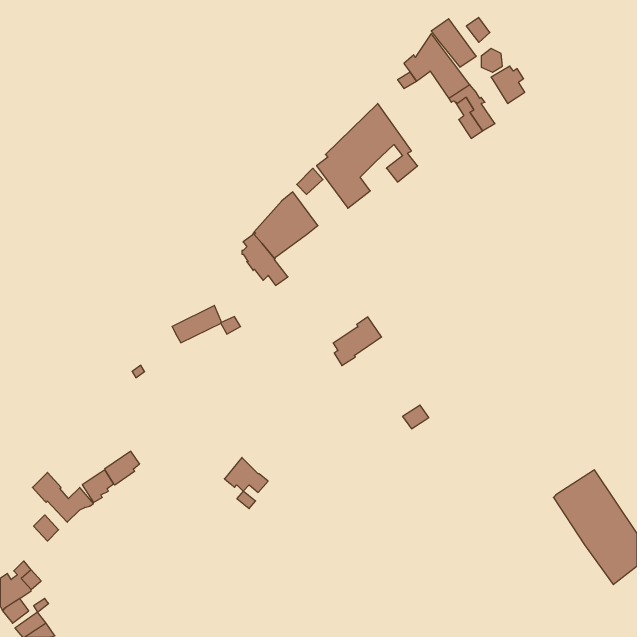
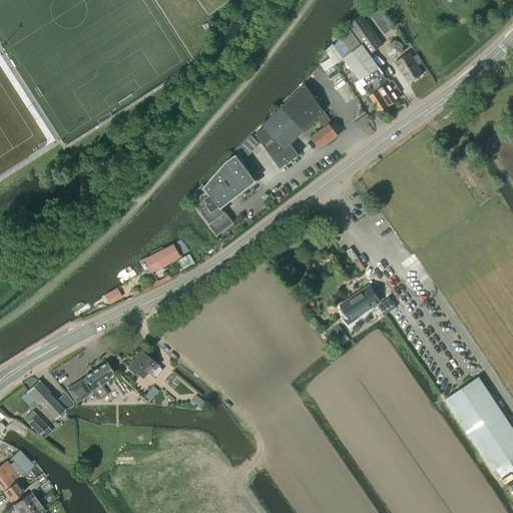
building: [333,317,382,366] -> [341,286,380,325]
building: [224,457,268,492] -> [127,351,162,379]

